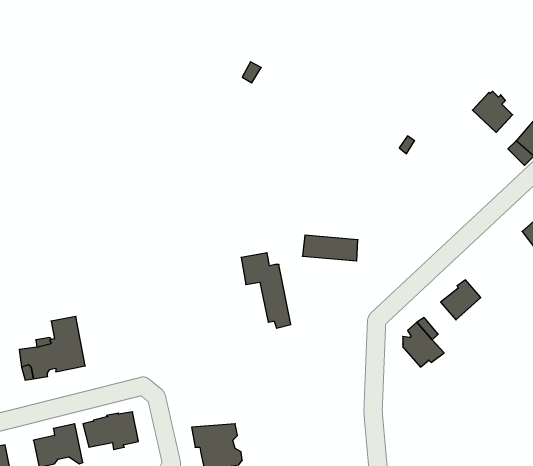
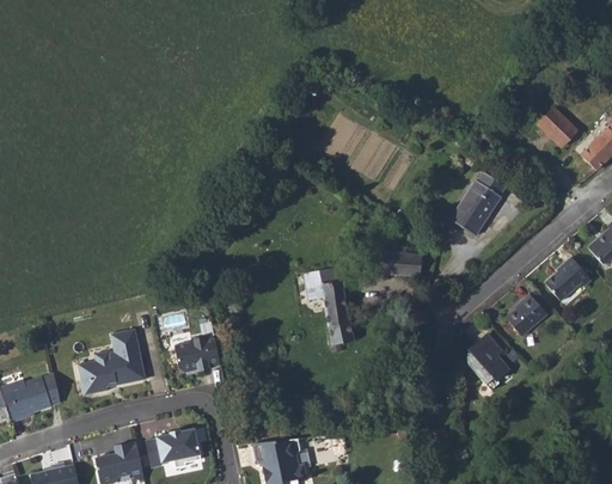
building: none -> [449,171,506,234]
building: none -> [544,256,590,299]
building: none -> [175,336,221,372]

